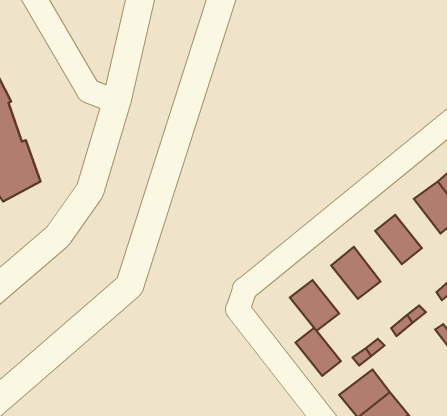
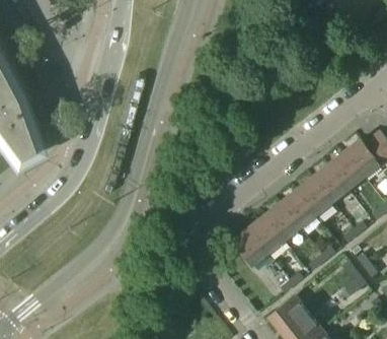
building: none -> [312,165,346,203]
building: none -> [281,190,317,228]
building: [295,328,341,376] -> [249,216,284,253]

